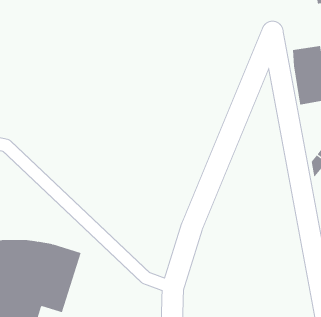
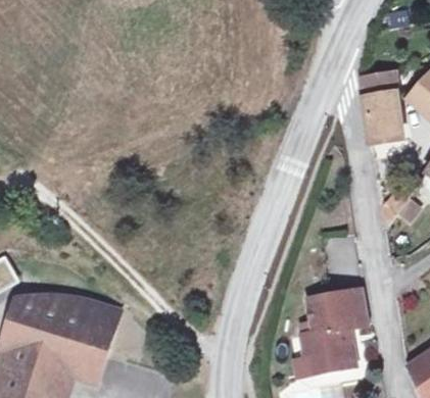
building: none -> [301,289,369,371]

